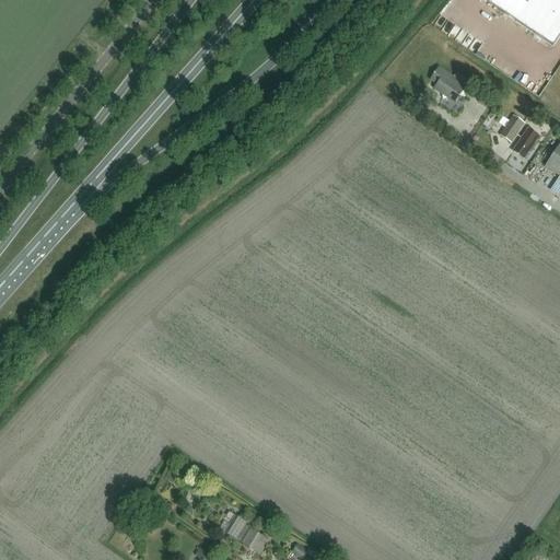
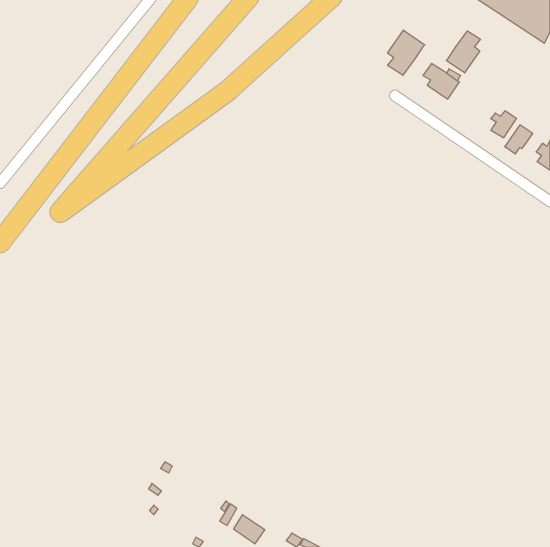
building: none -> [388,30,425,75]
building: none -> [446,31,480,73]

